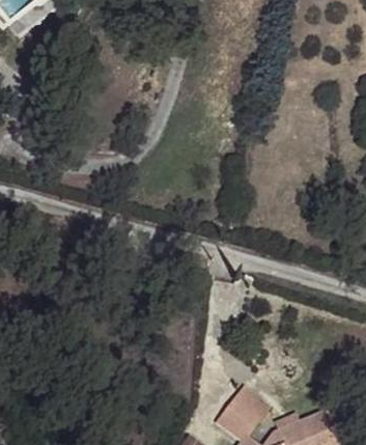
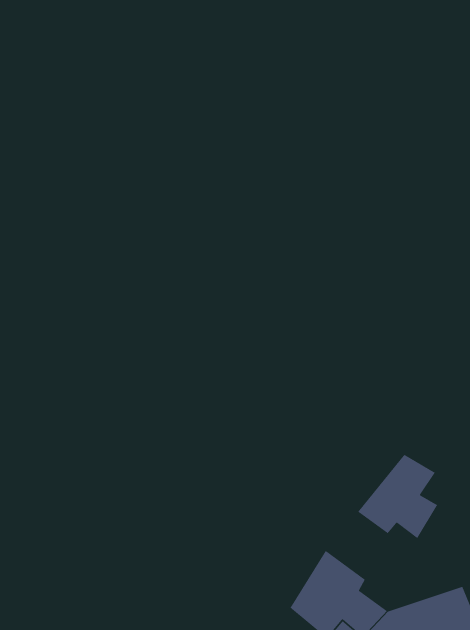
building: none -> [357,454,438,539]

